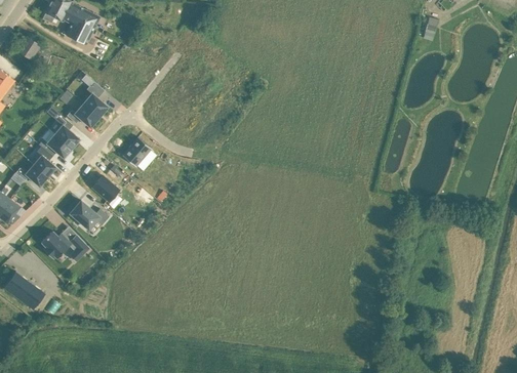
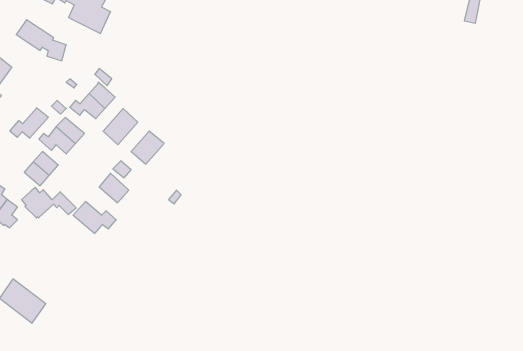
building: none -> [10,108,48,138]
building: none -> [103,109,138,145]
building: [40,231,89,258] -> [22,187,76,218]

